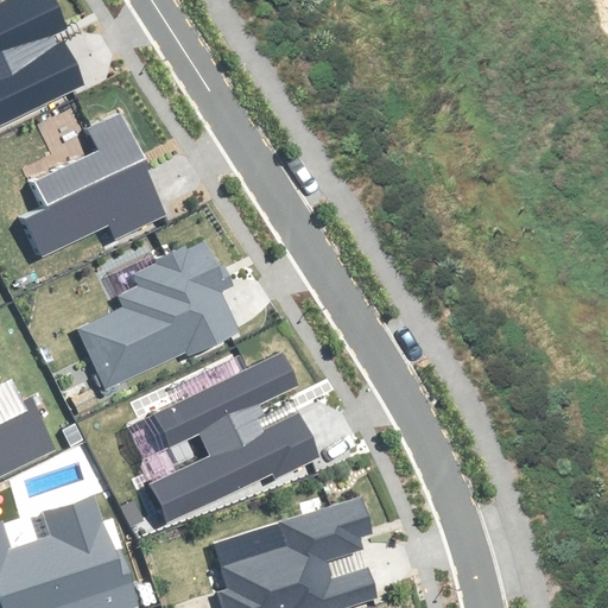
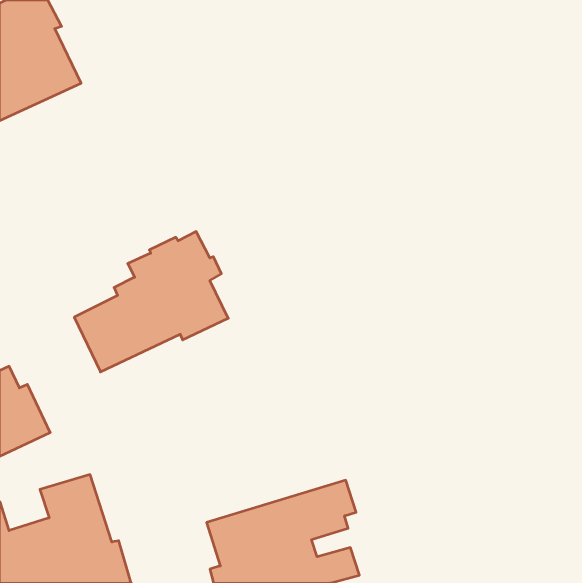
building: [25,115,167,256] -> none
building: [121,354,318,522] -> none

